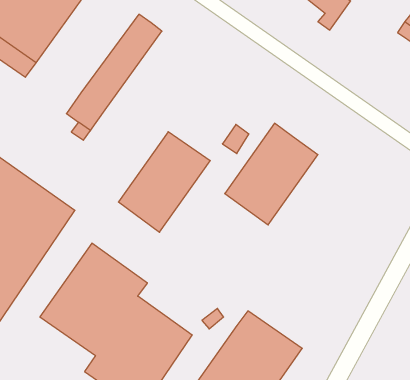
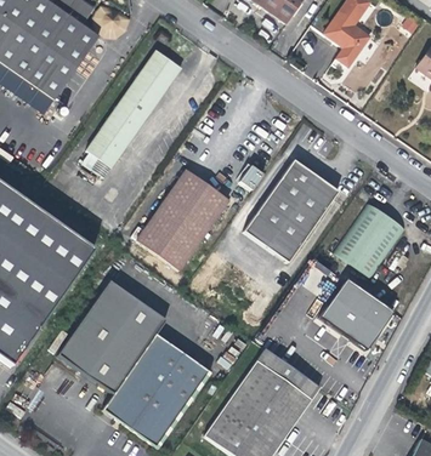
building: none -> [333,201,406,278]
building: none -> [322,277,397,349]

